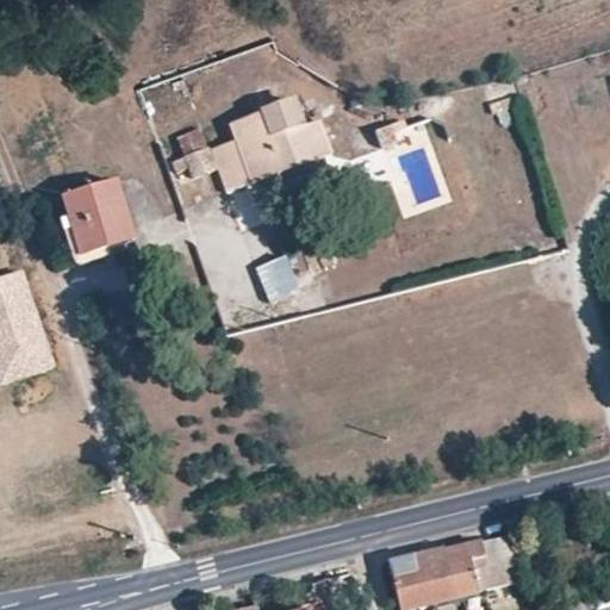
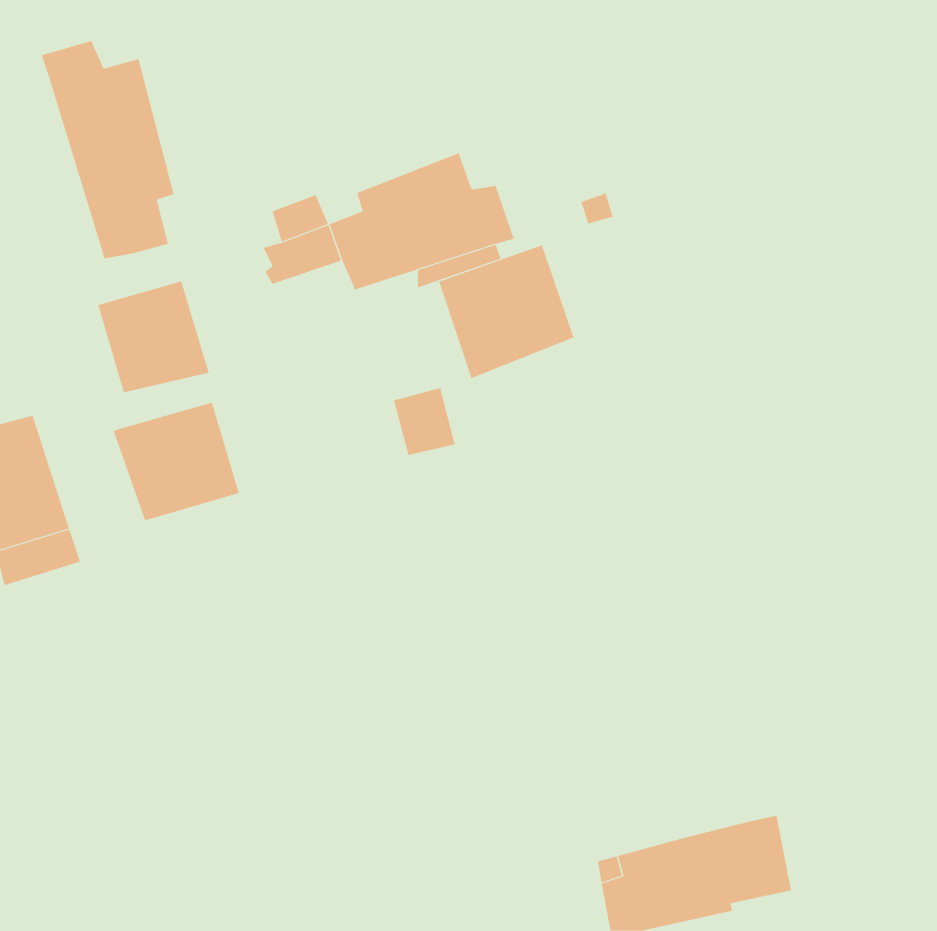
building: none -> [41,40,174,259]
building: none -> [438,245,574,379]
building: none -> [113,402,240,521]

